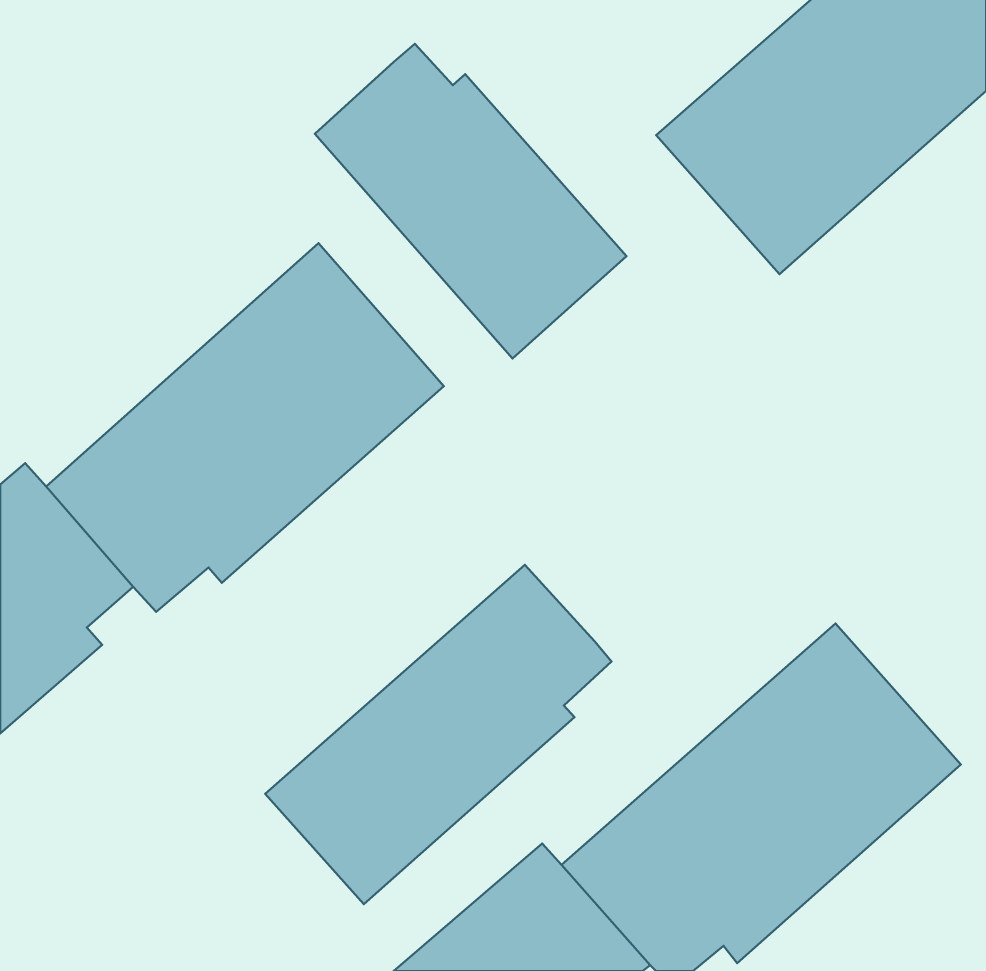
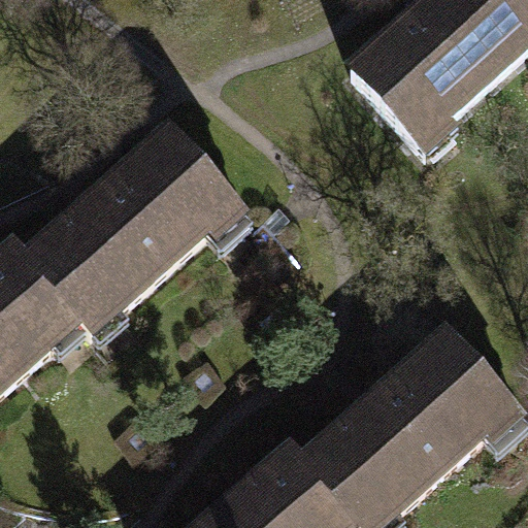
building: [315,44,626,358] -> none
building: [265,565,612,904] -> none

